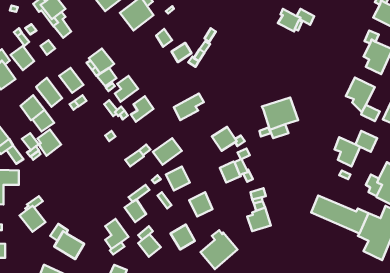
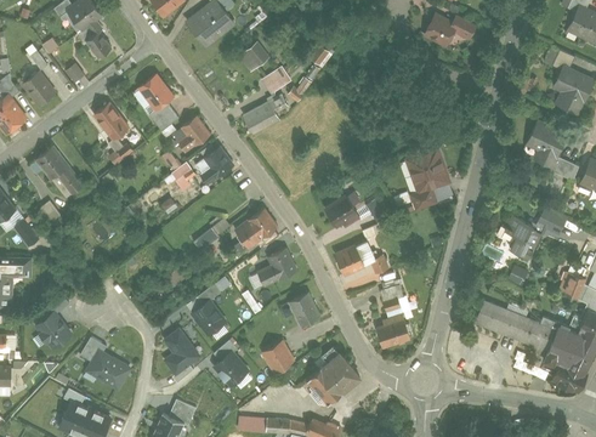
building: [36,78,62,107] -> none
building: [174,93,204,120] -> [243,93,288,134]
building: [37,130,61,156] -> none

